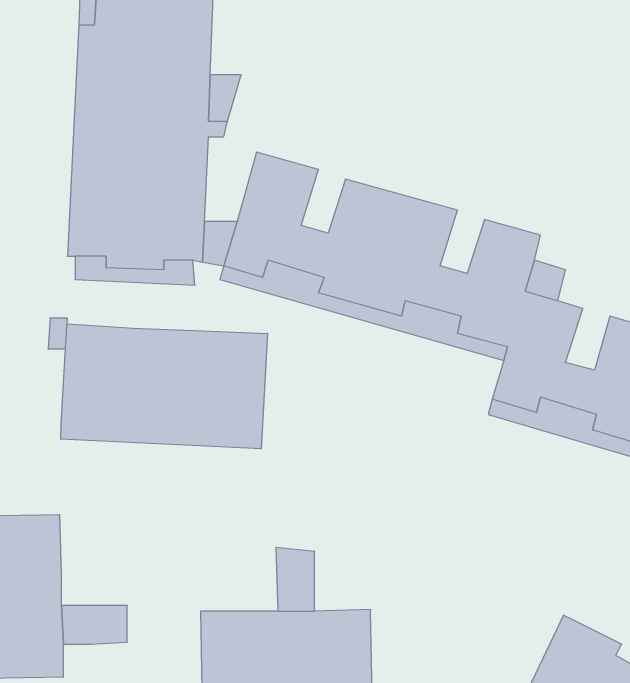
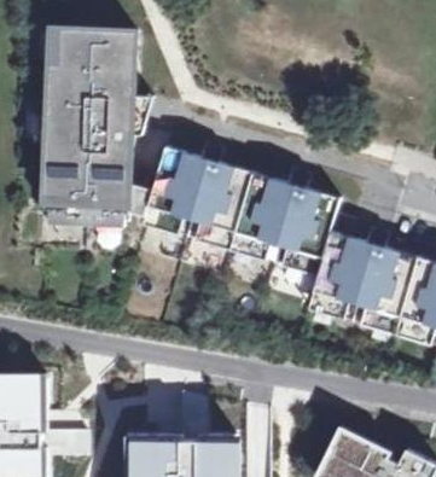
building: [61,324,267,449] -> none

